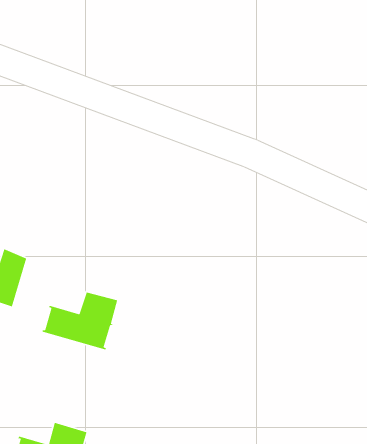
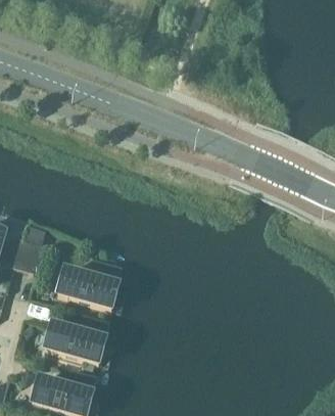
building: none -> [44,312,108,361]

